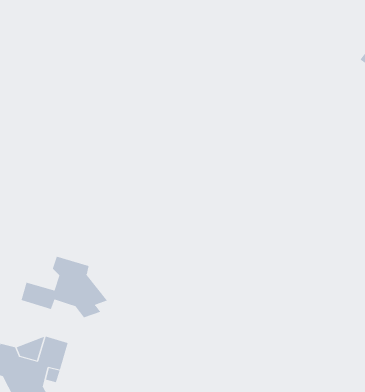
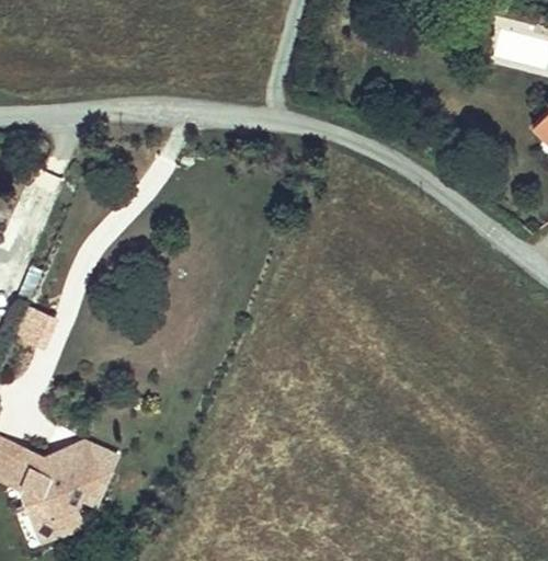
building: [21,256,108,318] -> none

